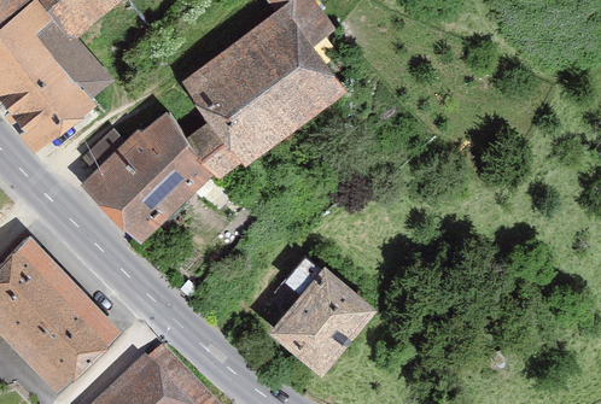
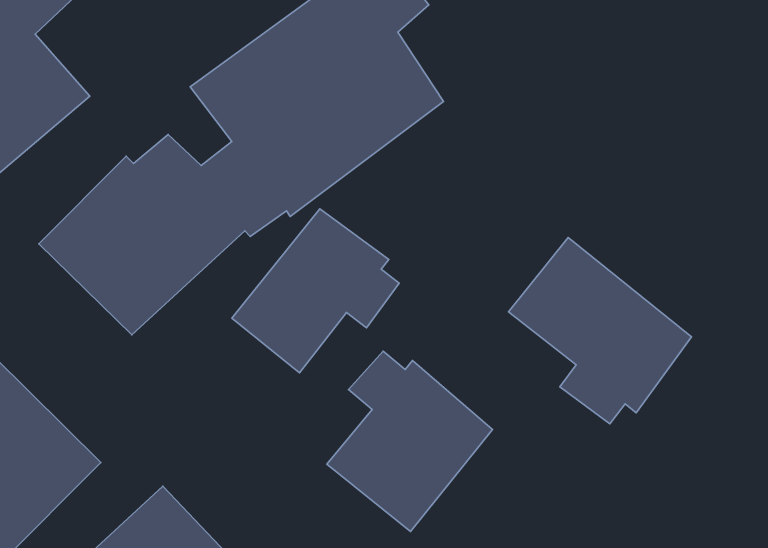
building: none -> [232,209,399,373]
building: none -> [508,238,691,424]

